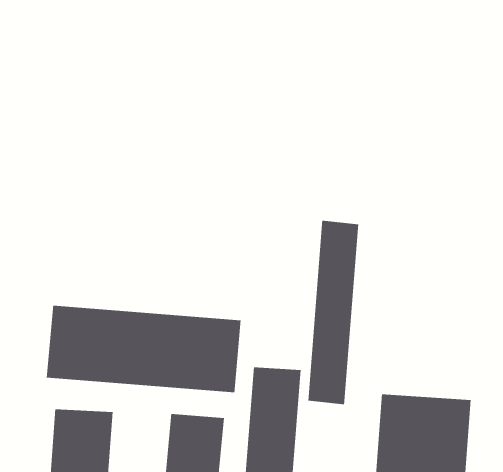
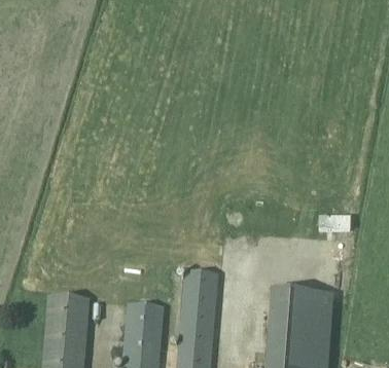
building: [308,220,359,405] -> none
building: [46,305,241,393] -> none

